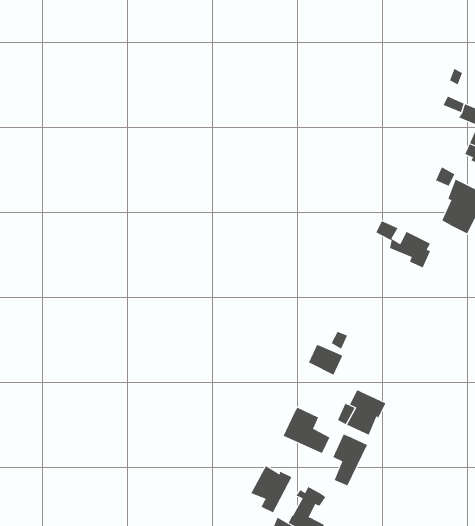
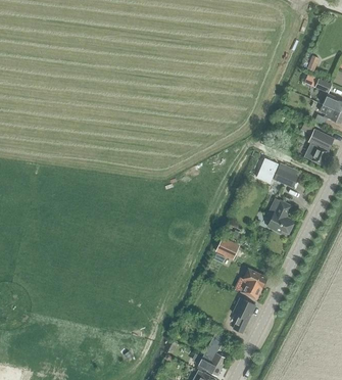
building: none -> [267,200,294,232]
building: [283,407,330,454] -> none
building: [251,465,292,513] -> none

